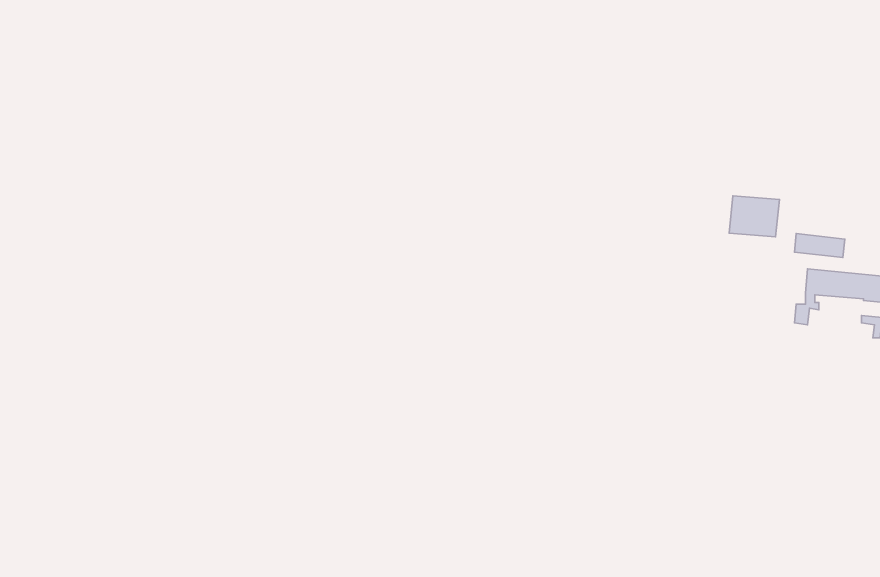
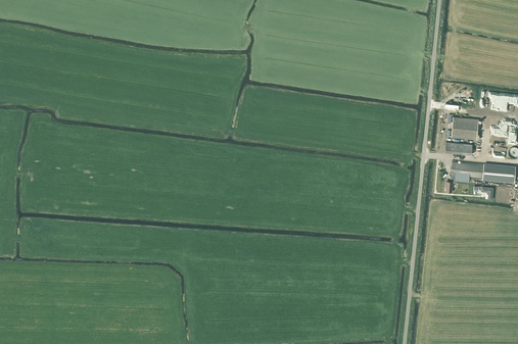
building: [729,196,779,237] -> [452,117,479,140]

